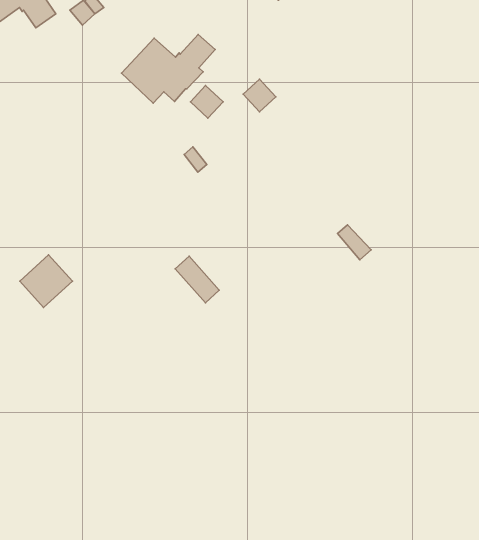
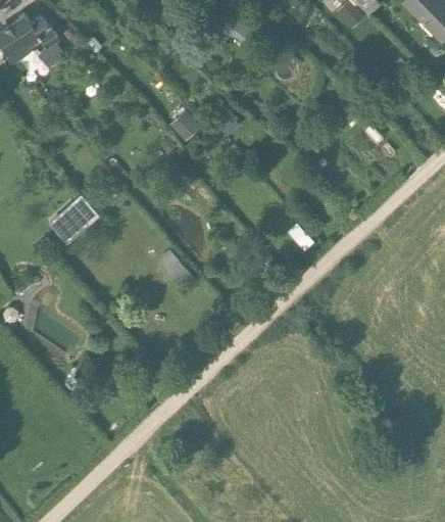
building: [121,35,215,103] -> none
building: [20,255,72,307] -> [48,197,91,240]

